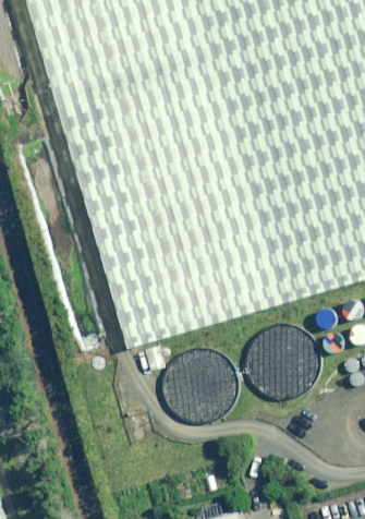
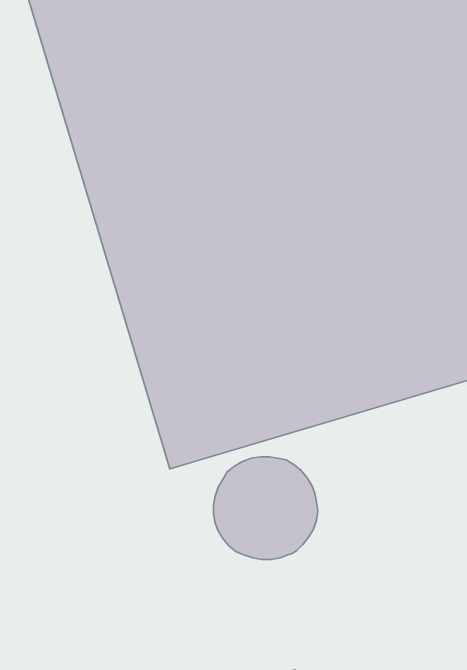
building: [246,318,320,393] -> none

